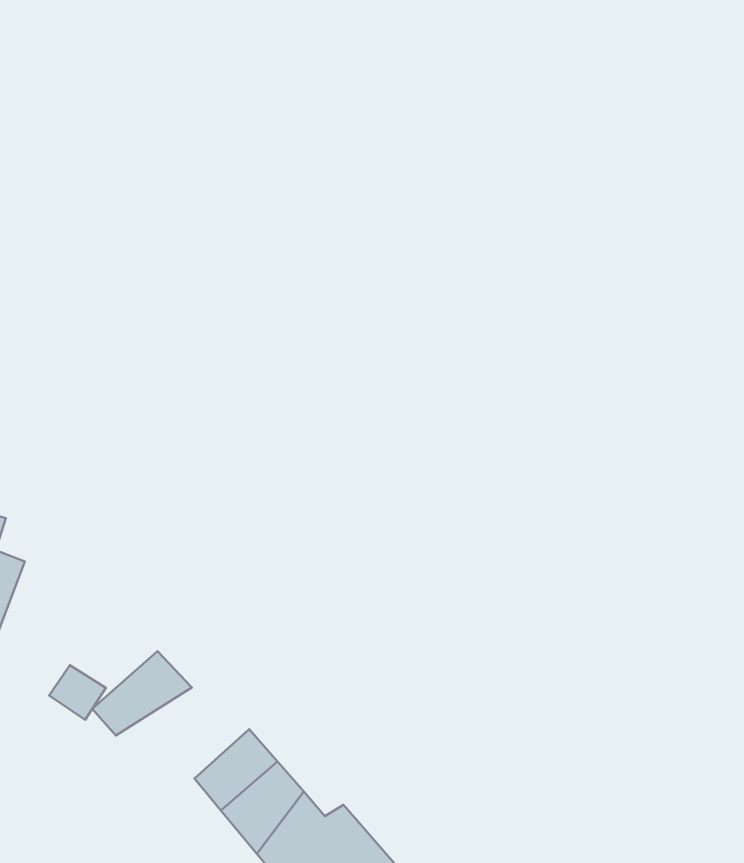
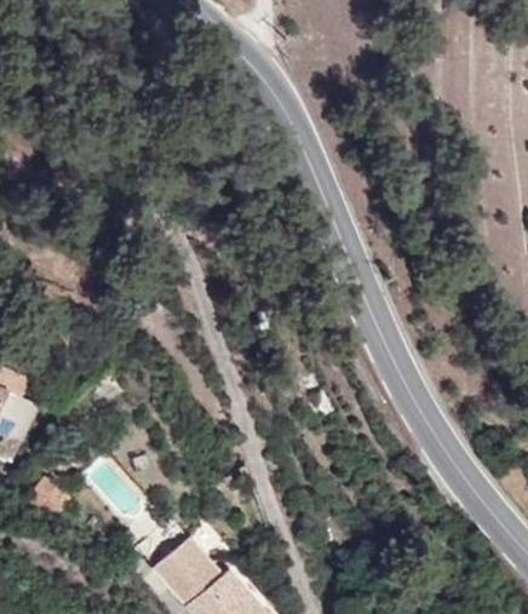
building: [92,651,192,736] -> none

